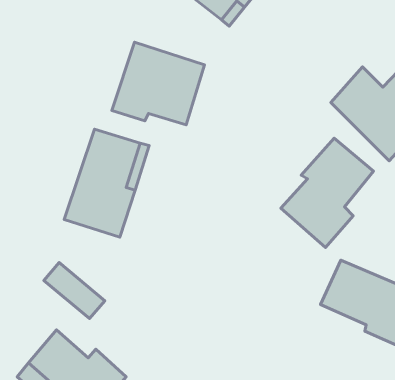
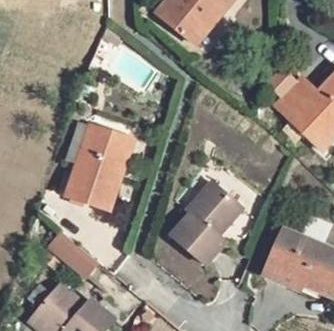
building: [112,42,205,125] -> none
building: [281,138,374,248] -> [169,180,242,266]

